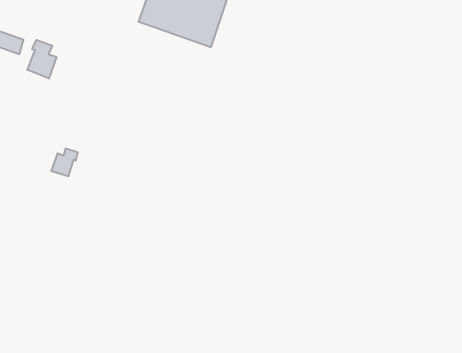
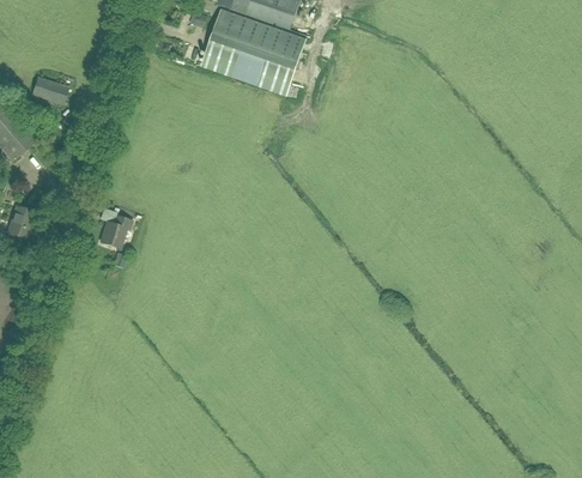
building: [27,40,56,79] -> none

